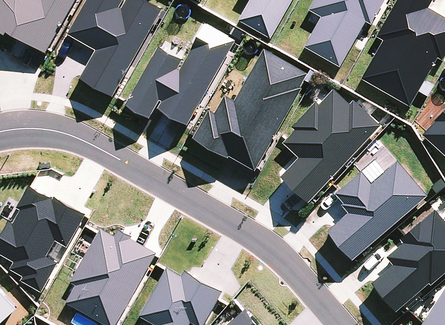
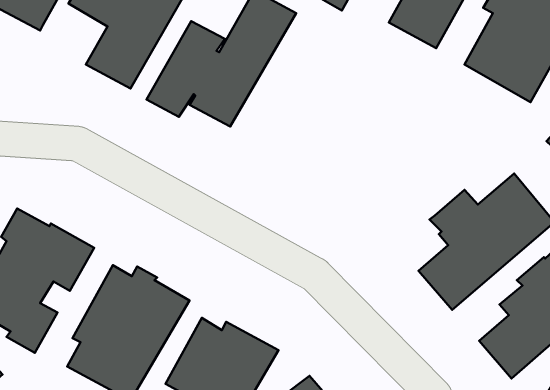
building: [192,49,307,171] -> none
building: [280,90,380,203] -> none

